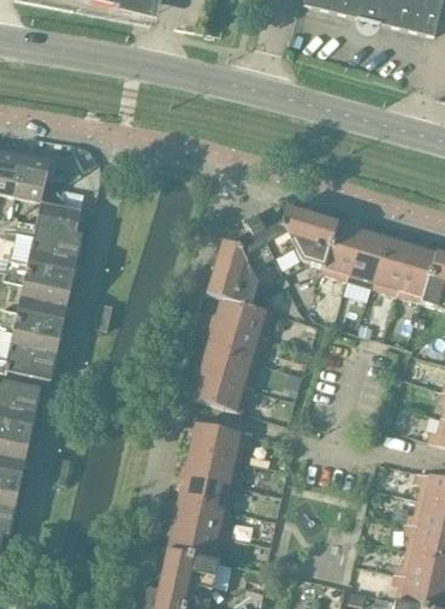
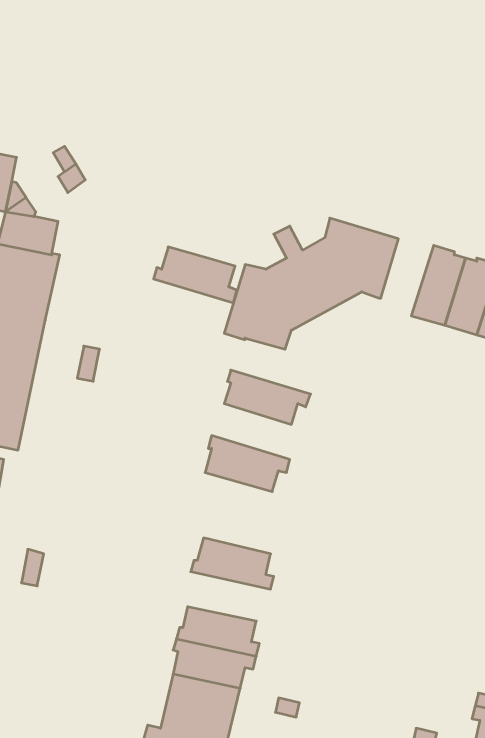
building: [321,221,363,280] -> none
building: [210,297,273,339] -> [154,247,237,303]
building: [196,347,259,389] -> none
building: [190,421,253,460] -> none
building: [178,473,241,510] -> none

